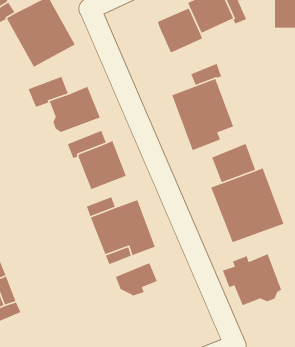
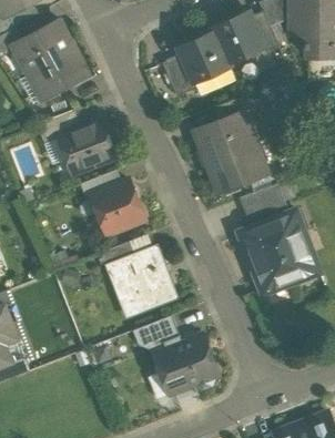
building: none -> [162,55,197,98]
building: [222,253,282,306] -> [152,334,219,393]

